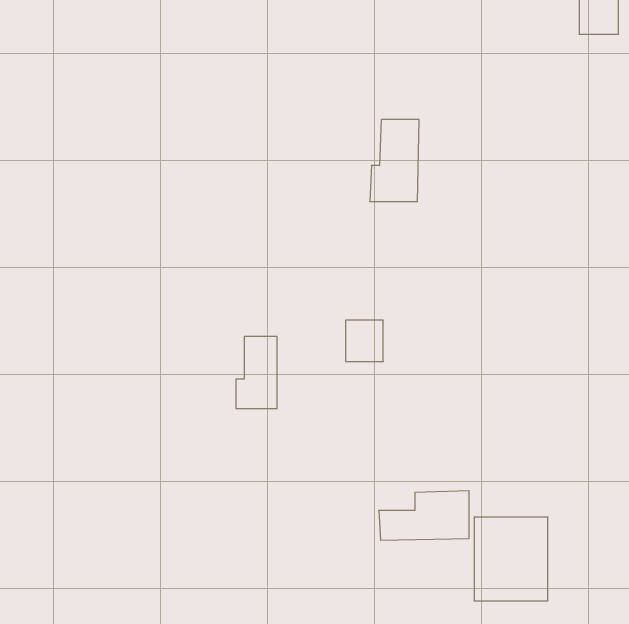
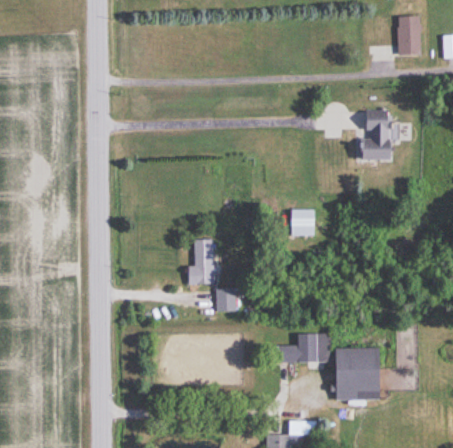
building: [370,120,419,202] -> [359,110,389,160]
building: [346,320,383,361] -> [292,209,315,234]
building: none -> [217,288,236,310]

